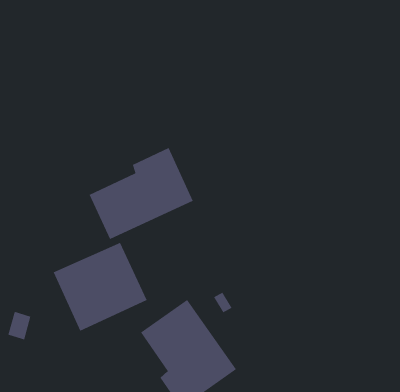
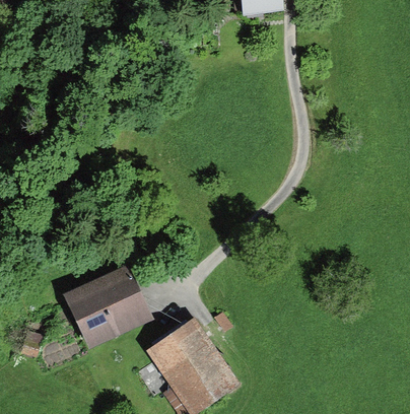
building: [89,147,194,240] -> none

